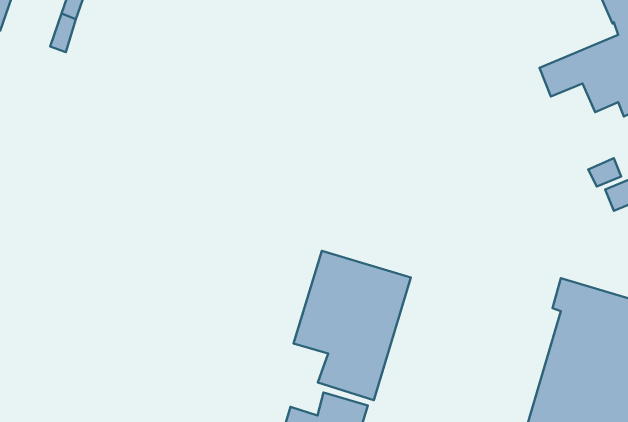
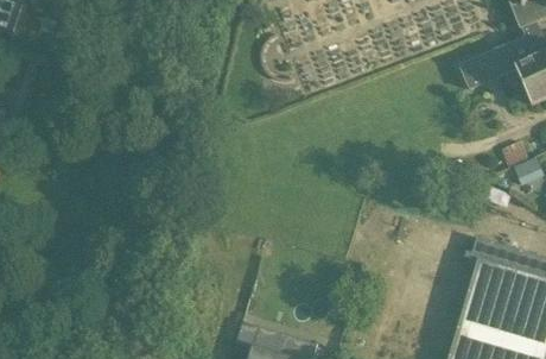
building: [293,251,411,400] -> none

